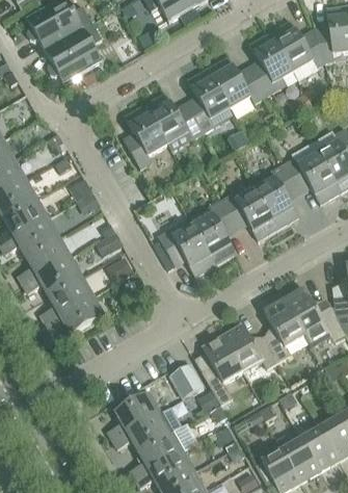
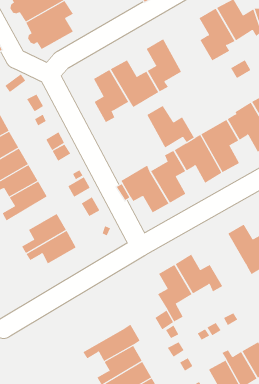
building: [209,57,266,108] -> [146,105,195,148]
building: [23,256,83,295] -> none
building: [264,300,306,362] -> none
building: [171,364,205,398] -> none
building: [108,391,162,440] -> none

